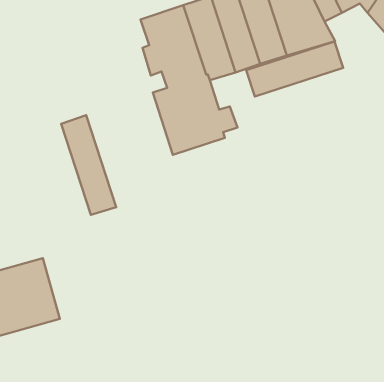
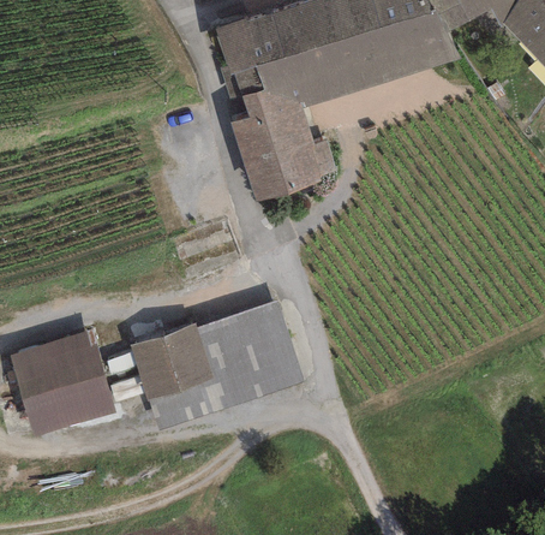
building: [246,41,343,96] -> none
building: [61,115,116,215] -> none
building: none -> [130,298,303,429]

